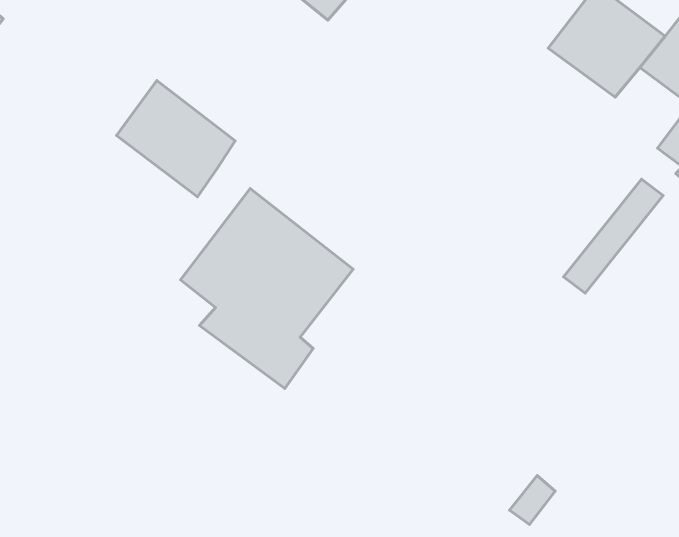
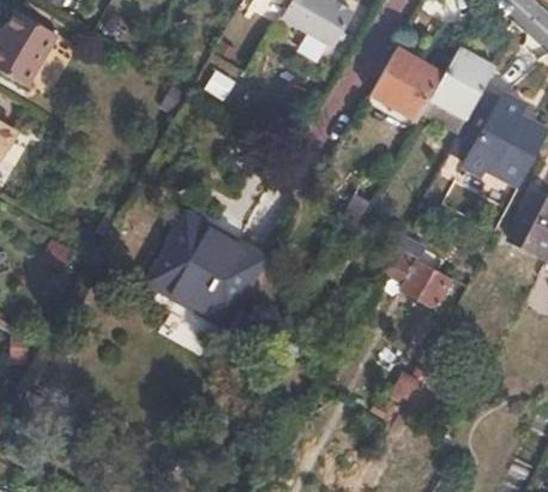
building: [117,80,235,197] -> none
building: none -> [386,247,450,304]

